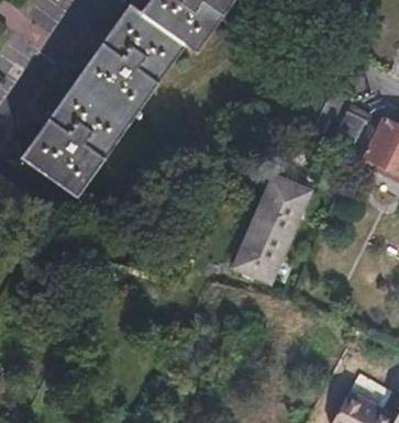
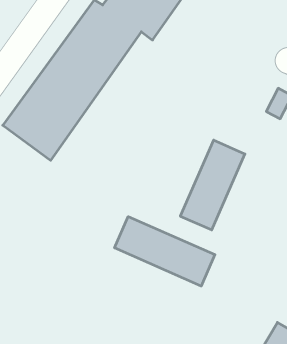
building: none -> [115,217,215,286]

